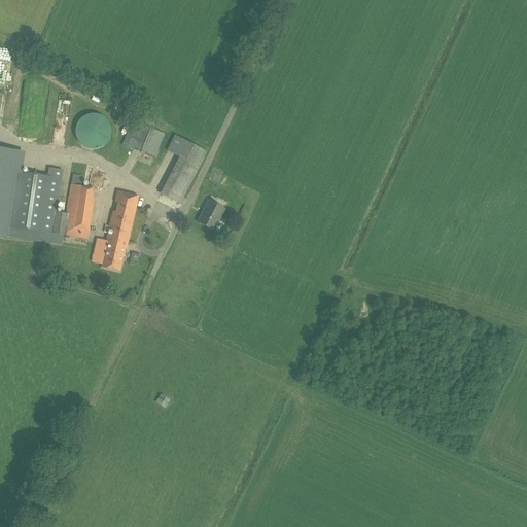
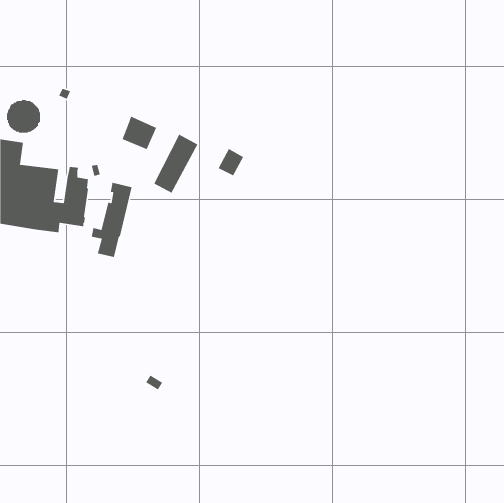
building: [74,111,110,147] -> [6,99,41,134]
building: [197,199,224,229] -> [218,148,244,176]

